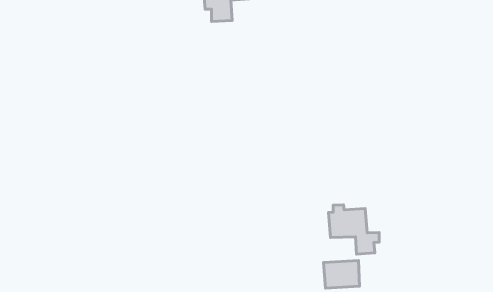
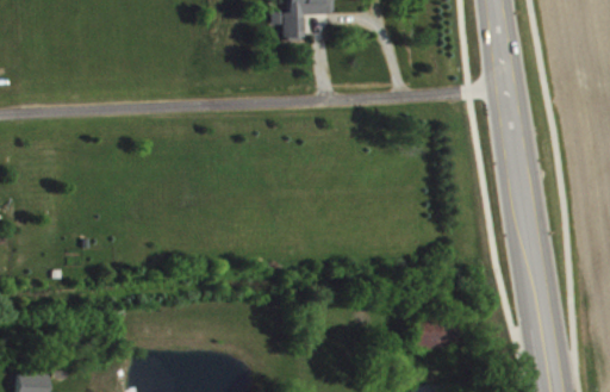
building: [329,205,379,254] -> none

